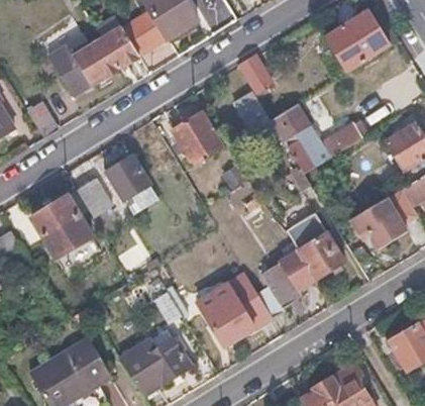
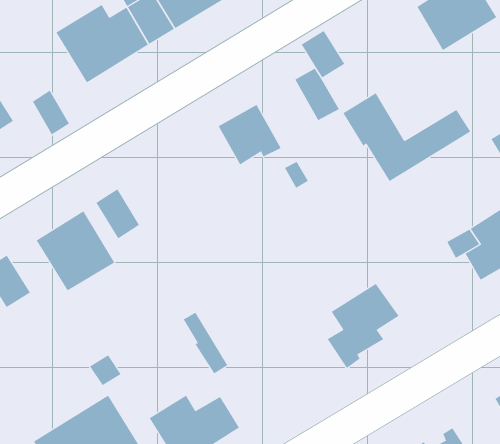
building: [107,156,158,214] -> none
building: [280,209,344,277] -> none
building: [198,273,273,346] -> none

